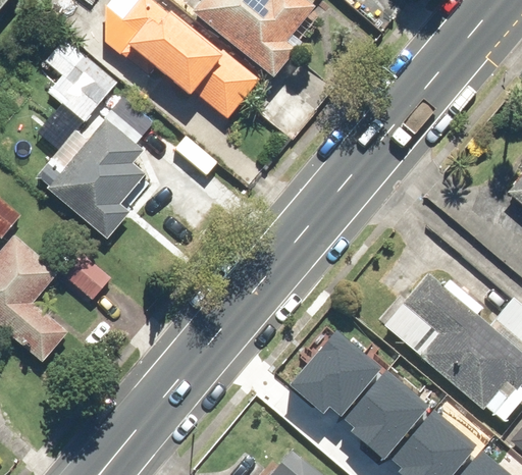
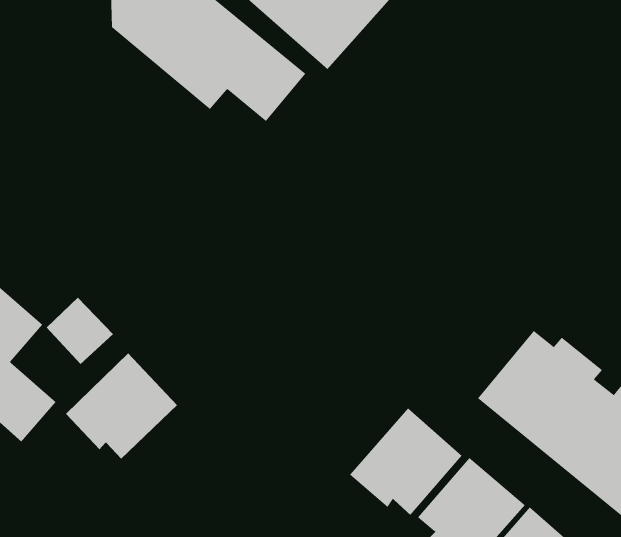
building: [44,38,118,122] -> none
building: [47,116,145,239] -> none
building: none -> [65,353,178,459]

